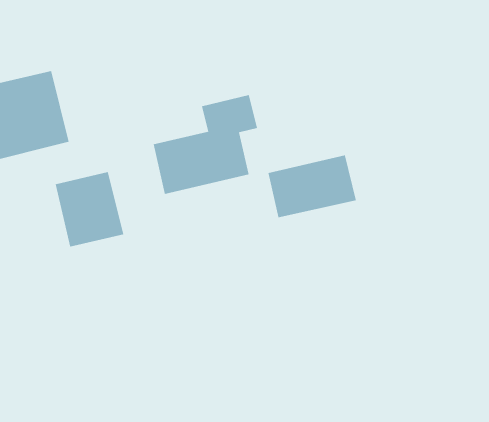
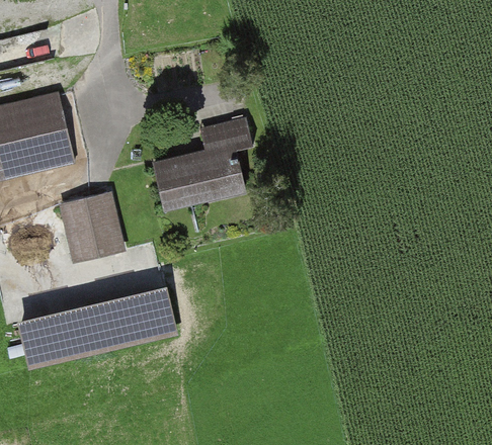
building: [268,154,356,218] -> none
building: none -> [13,289,178,370]

